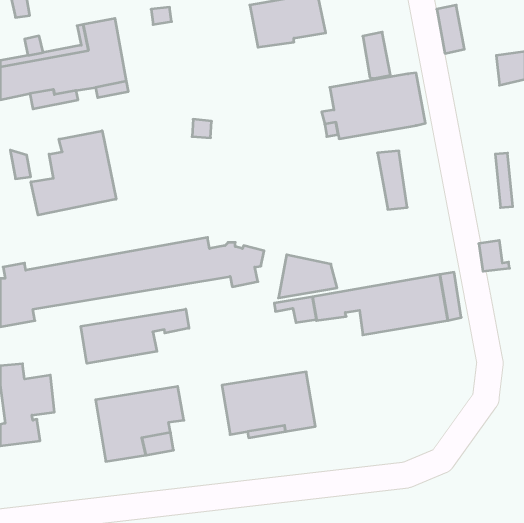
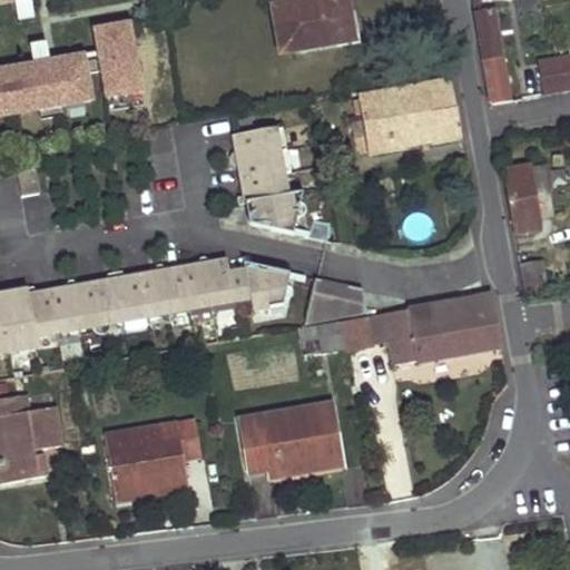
building: [363,32,390,78] -> [483,53,513,104]
building: none -> [233,124,295,230]
building: [31,131,116,215] -> none
building: [377,151,407,209] -> [503,168,535,232]
building: [81,309,189,363] -> none

